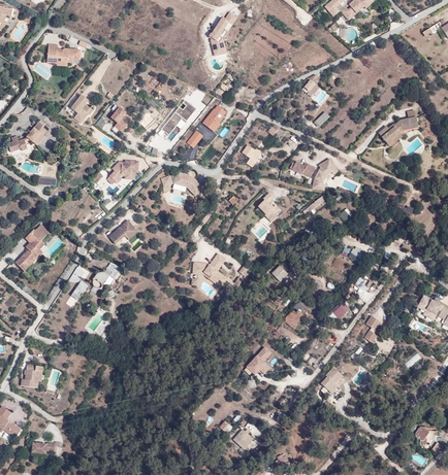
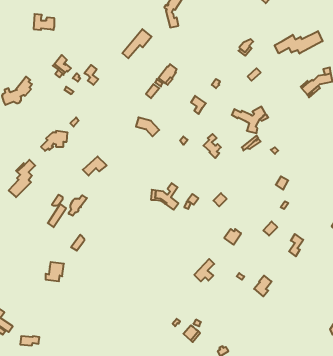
building: none -> [275,31,323,54]
building: [160,98,196,134] -> [122,29,152,58]
building: [106,159,139,183] -> [41,131,68,151]
building: [22,364,44,387] -> [46,262,64,281]

